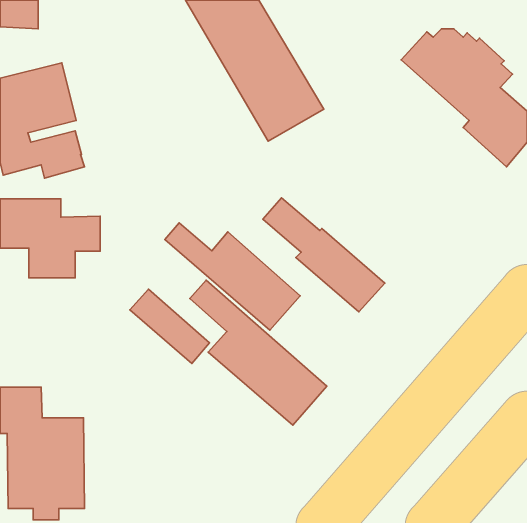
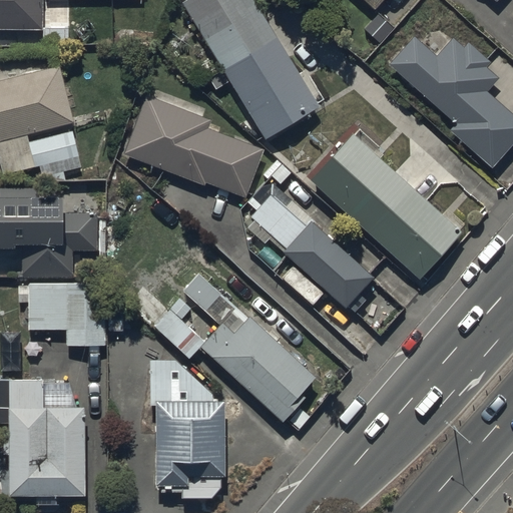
building: none -> [123,94,261,196]
building: none -> [310,136,462,282]
building: [165,223,300,330] -> none
building: none -> [30,283,104,345]
building: none -> [151,361,221,500]

